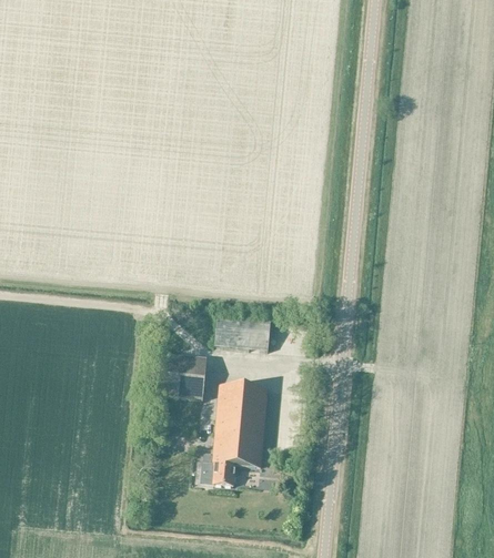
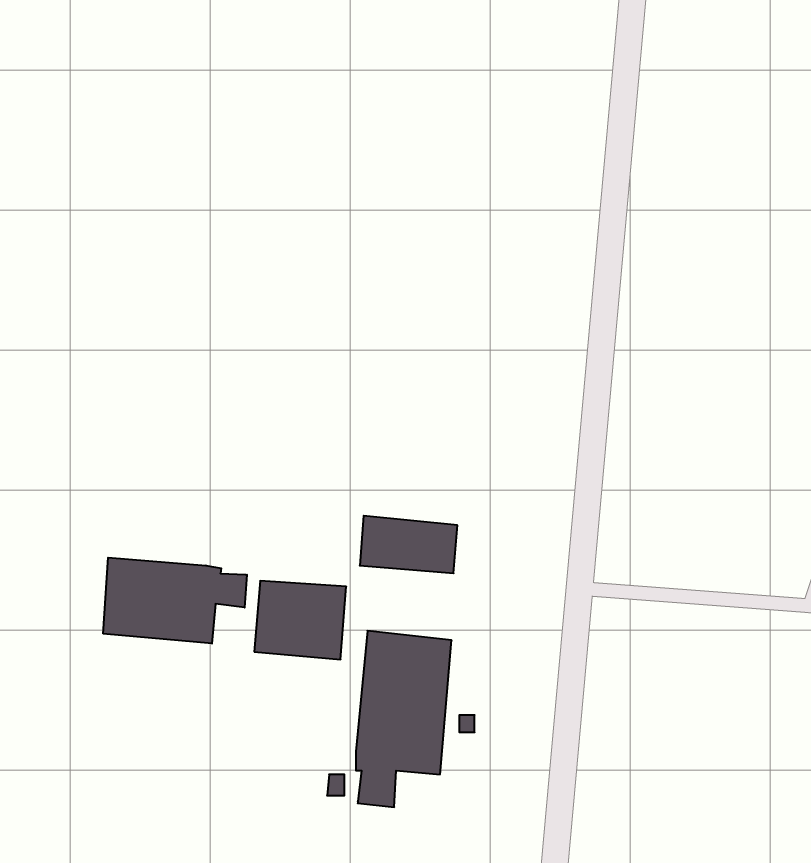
building: none -> [103,558,247,644]

